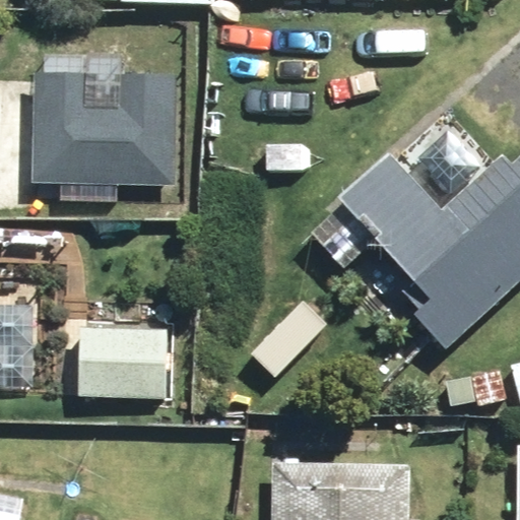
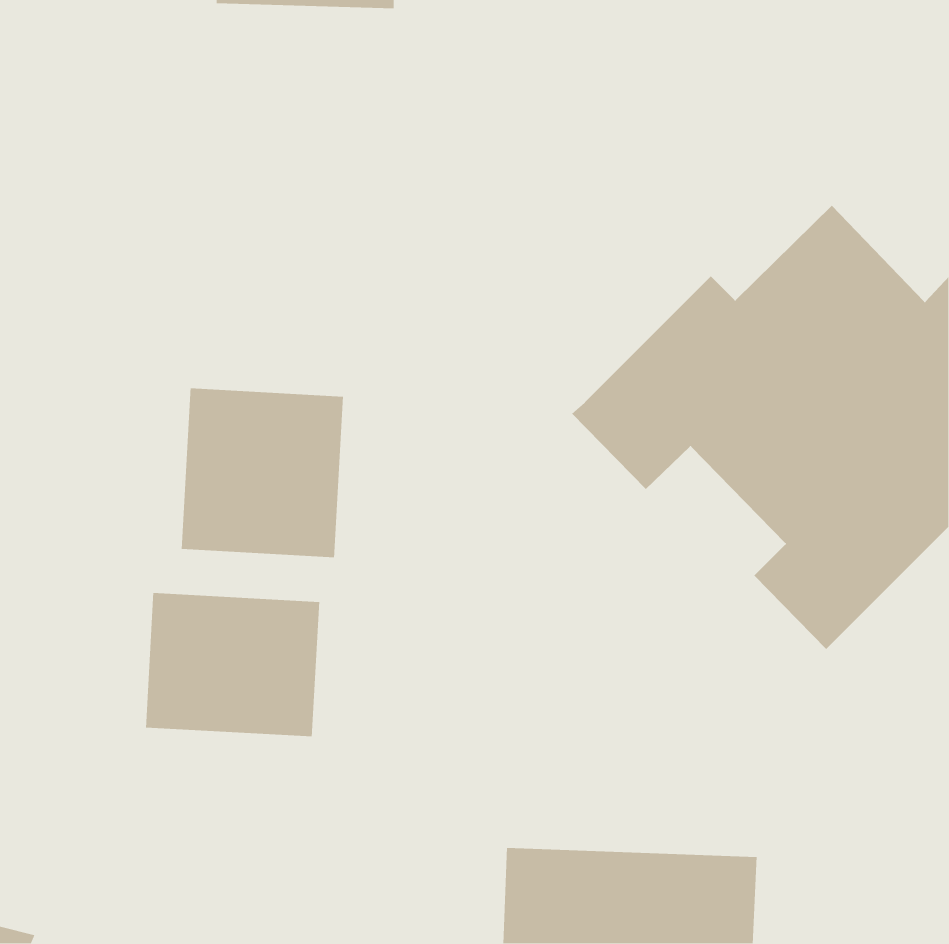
building: [30,70,177,184] -> none
building: none -> [181,388,344,558]

